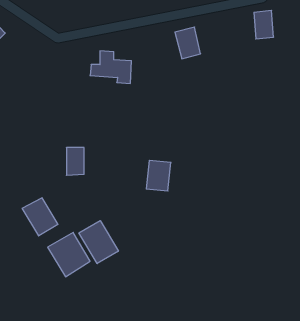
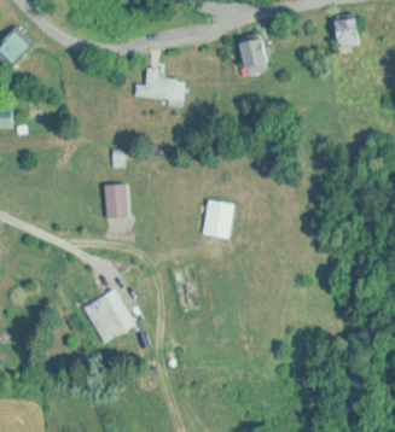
building: [22,198,58,236] -> none
building: [79,221,118,264] -> none

